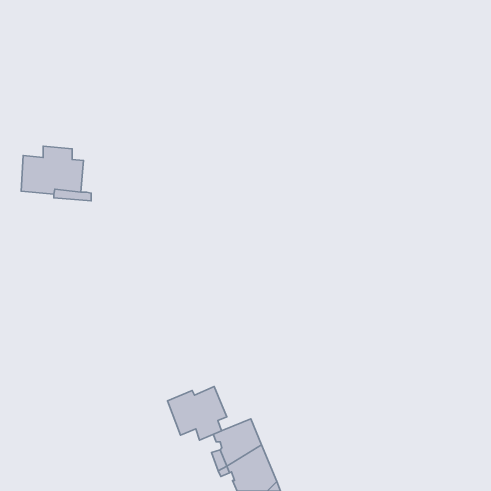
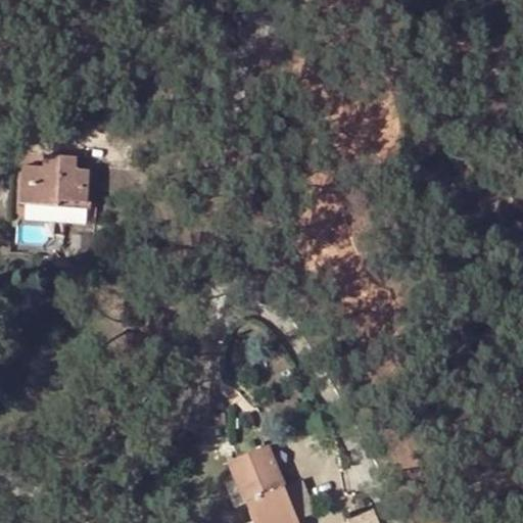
building: [167,386,227,440] -> none

